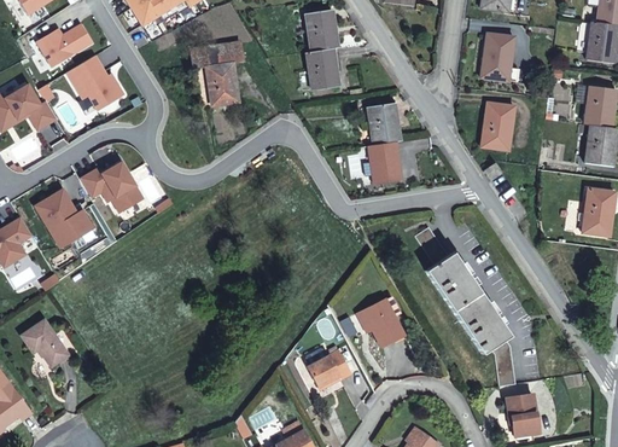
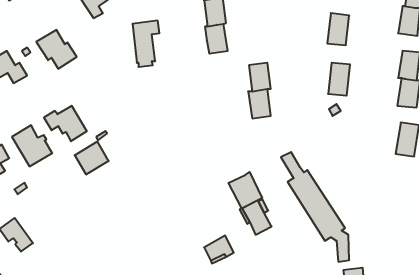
building: [37,23,93,65] -> none
building: none -> [75,142,109,175]
building: none -> [228,172,262,209]

